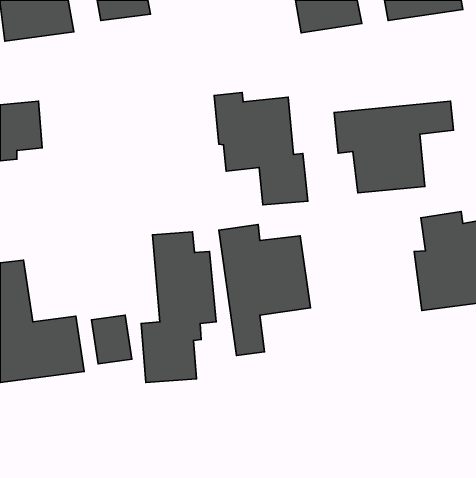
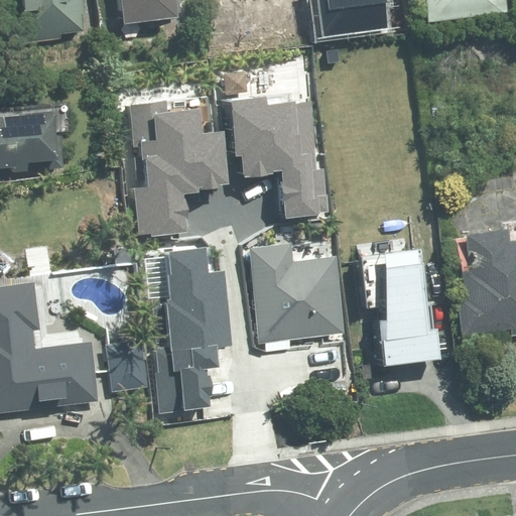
building: none -> [123,100,231,236]
building: [334,101,454,193] -> none
building: none -> [363,244,445,365]

